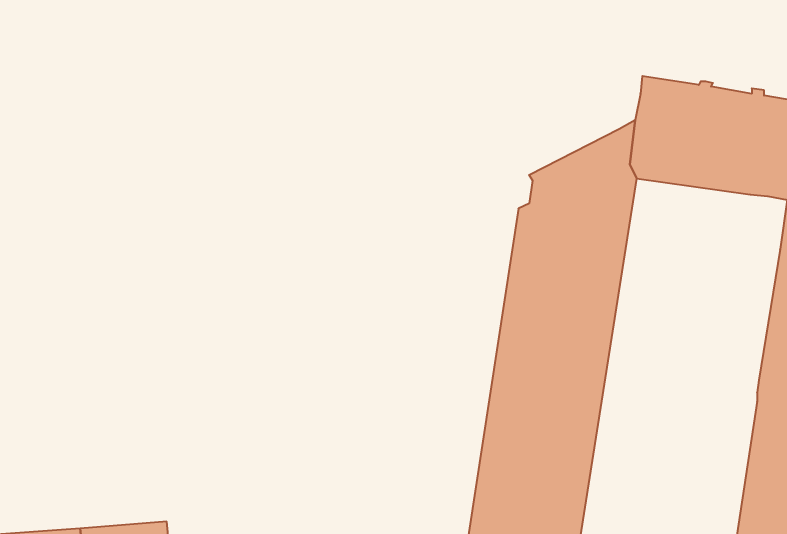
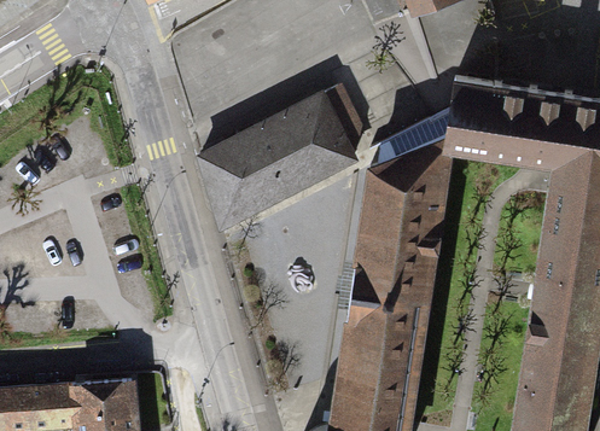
building: none -> [202,89,362,229]

